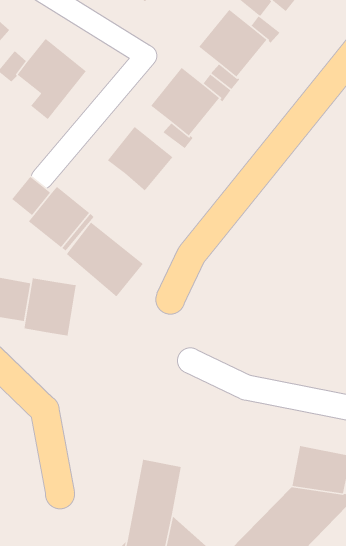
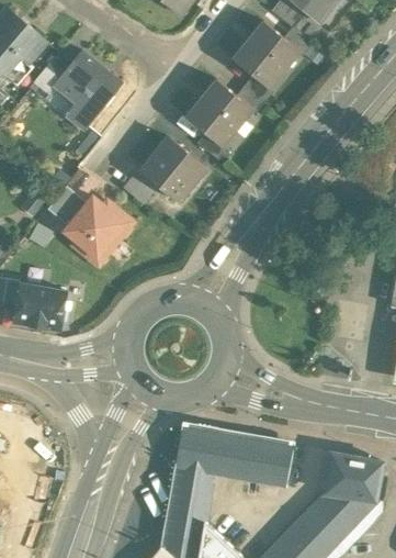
building: none -> [124,167,159,202]
building: [66,222,144,298] -> none
building: [24,277,77,336] -> none
building: none -> [177,426,293,487]

